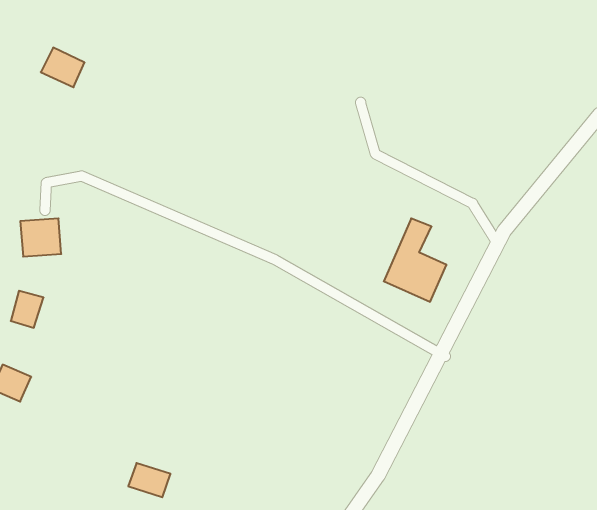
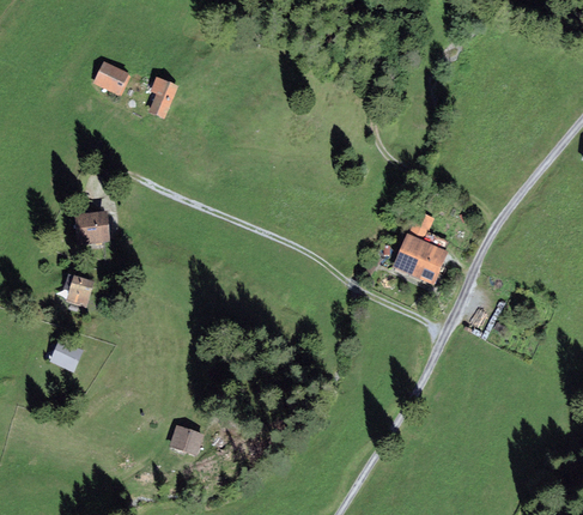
building: none -> [148,77,178,117]

